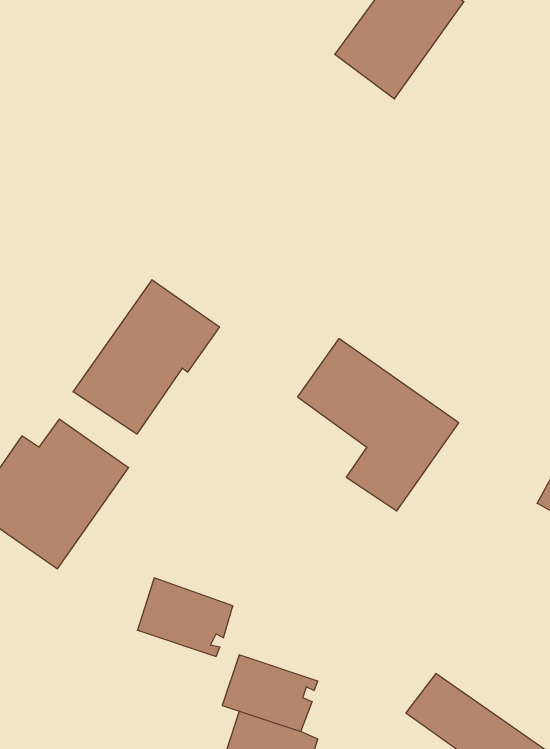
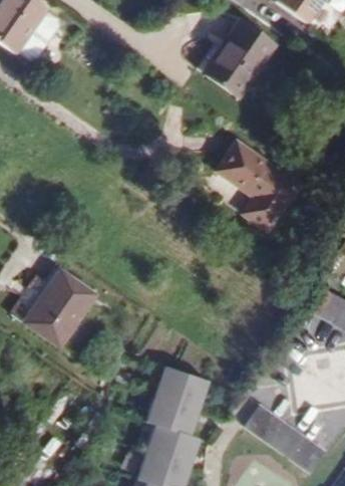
building: [73,280,219,434] -> none
building: [298,339,459,511] -> [215,141,301,233]
building: [137,578,233,656] -> [155,367,207,409]

